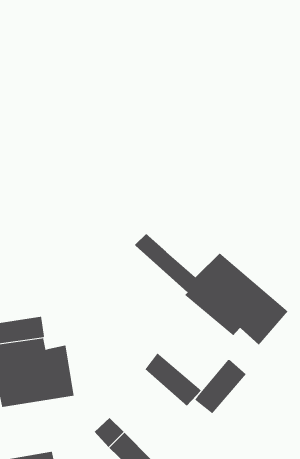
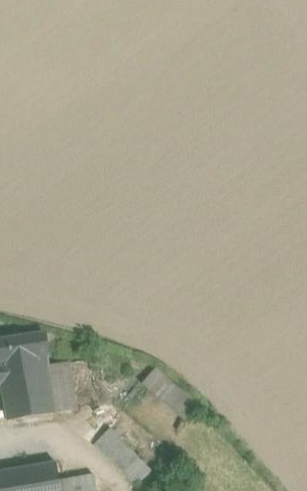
building: [134,233,289,346] -> none
building: [195,359,247,414] -> none

